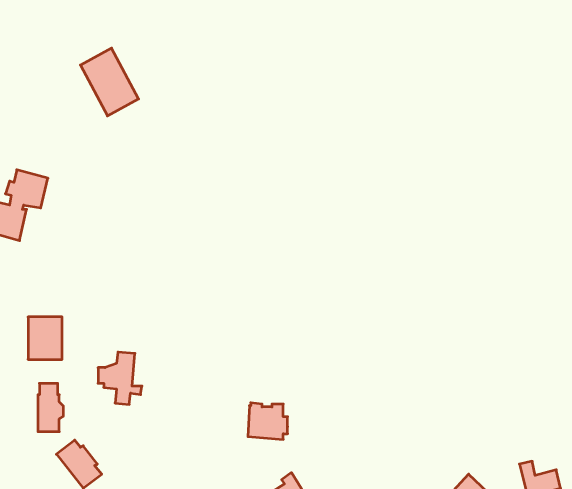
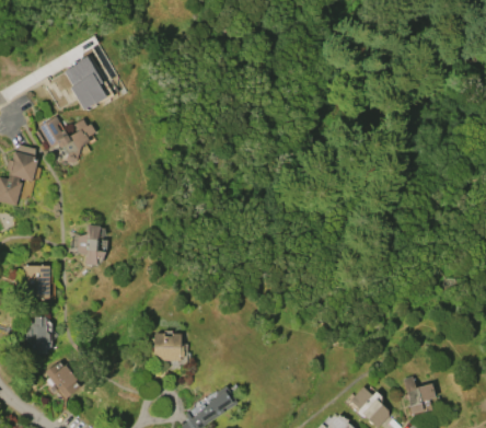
building: none -> [38,116,95,163]
building: [98,352,142,404] -> [72,224,106,265]
building: [248,403,288,439] -> [153,333,184,361]

